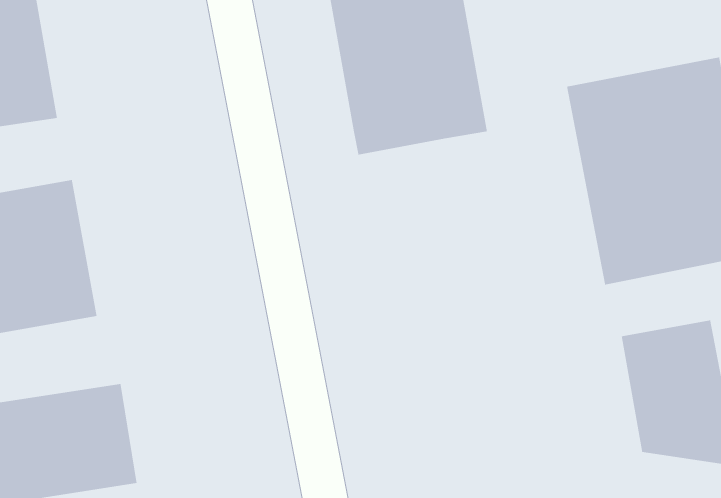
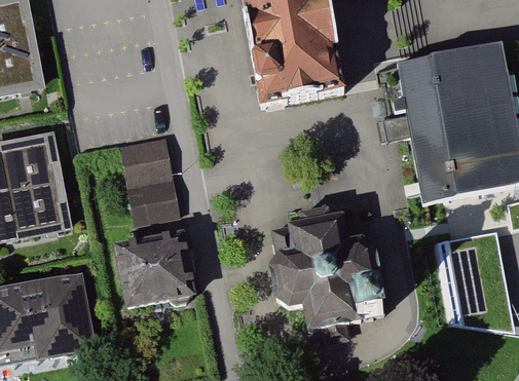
building: none -> [120,136,180,223]
building: none -> [267,204,384,329]
building: none -> [110,235,190,308]

